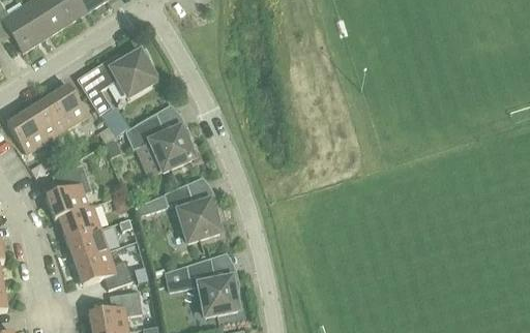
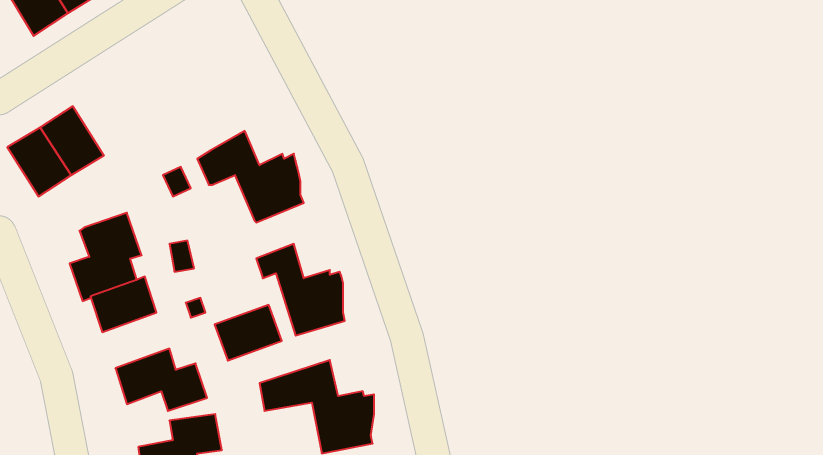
building: [77,49,156,115] -> none
building: [48,85,87,128] -> none
building: [66,228,109,263] -> [215,305,282,361]

